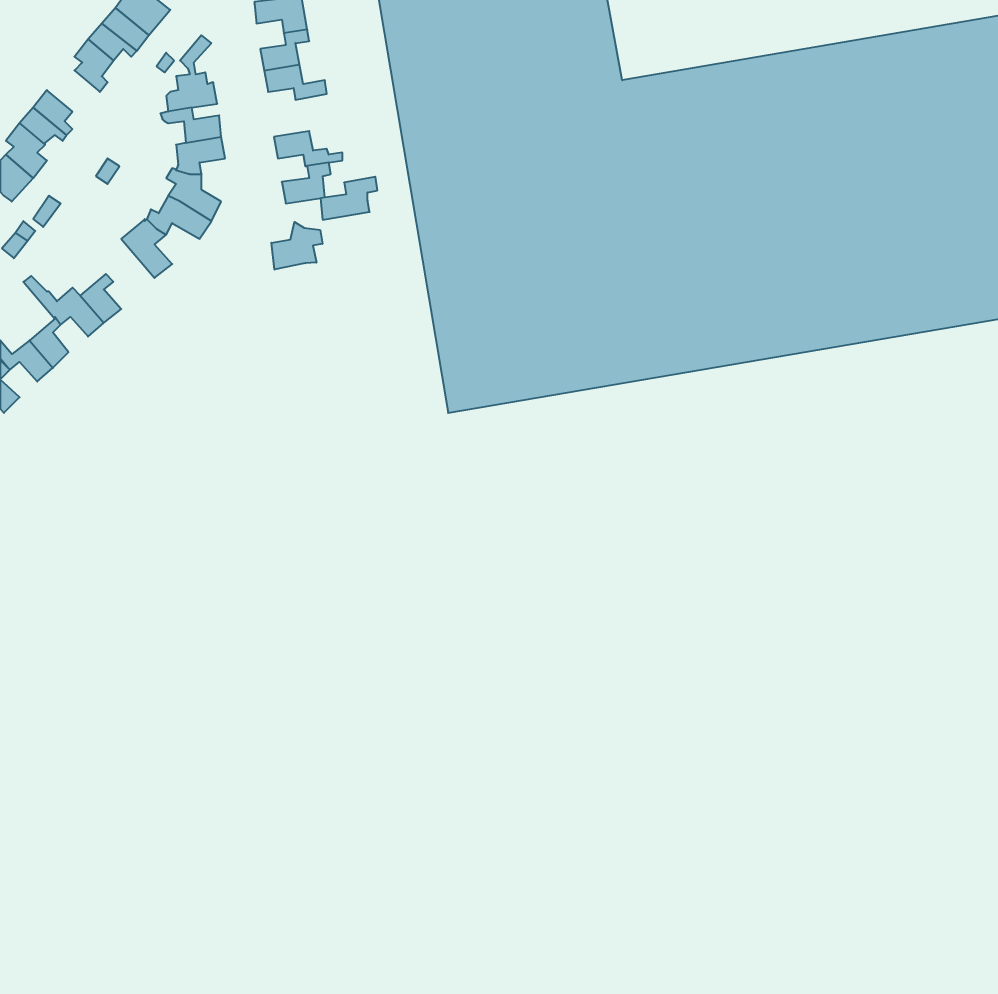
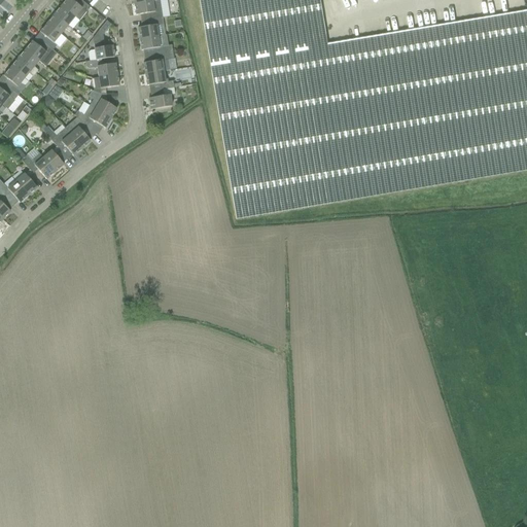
building: none -> [26,37,57,64]
building: [321,177,377,220] -> [144,49,174,72]
building: [271,222,322,270] -> none
building: none -> [51,126,82,153]

